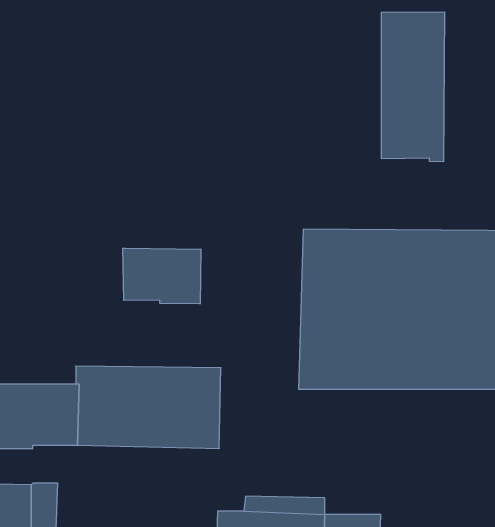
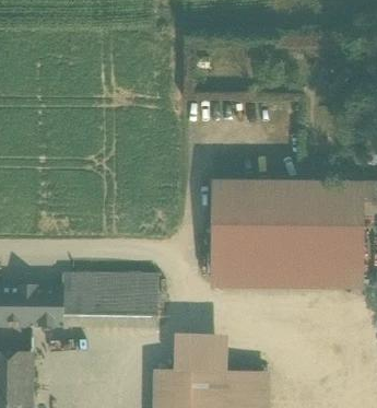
building: [381,12,445,162] -> none
building: [123,248,201,304] -> none
building: none -> [174,335,227,359]

